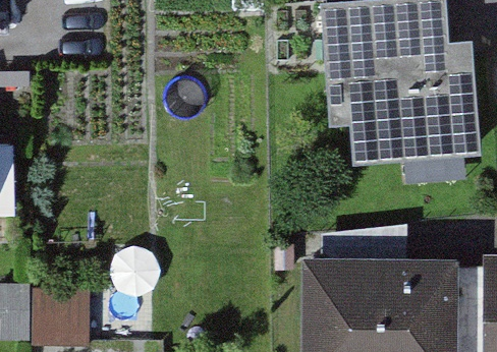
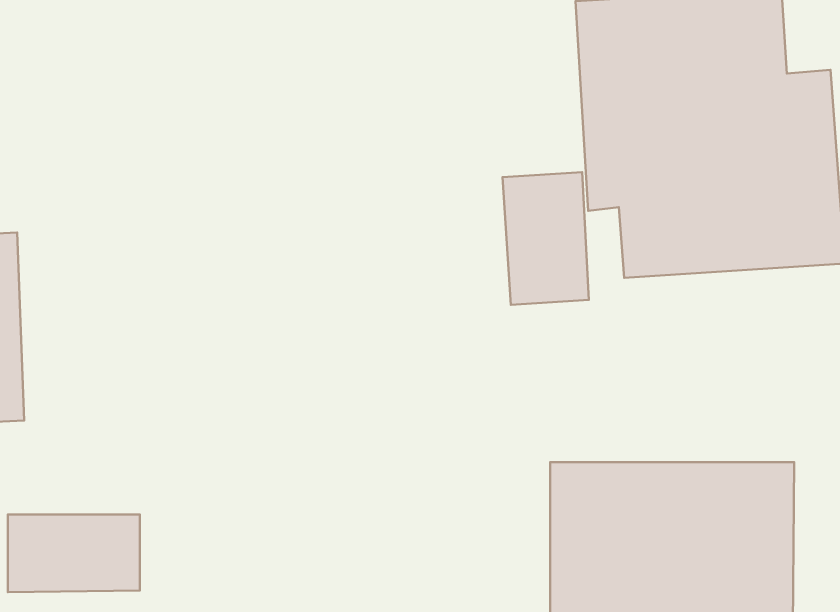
building: none -> [502,172,589,305]

